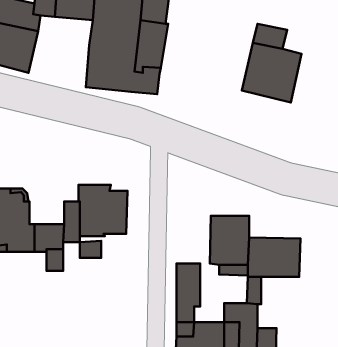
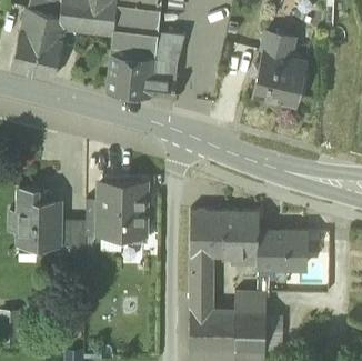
building: none -> [192,210,224,254]

